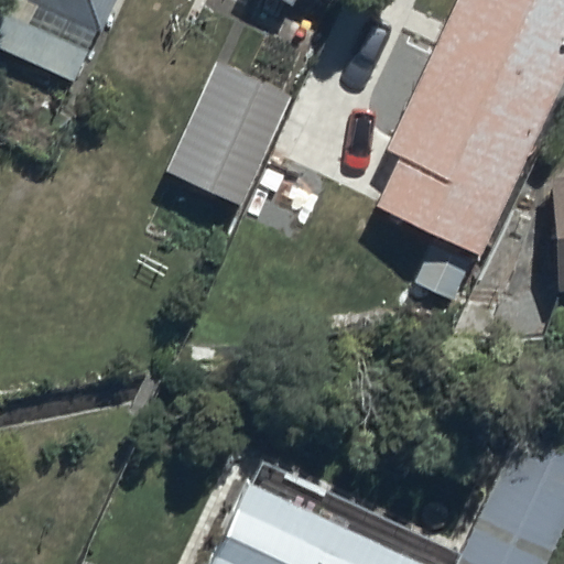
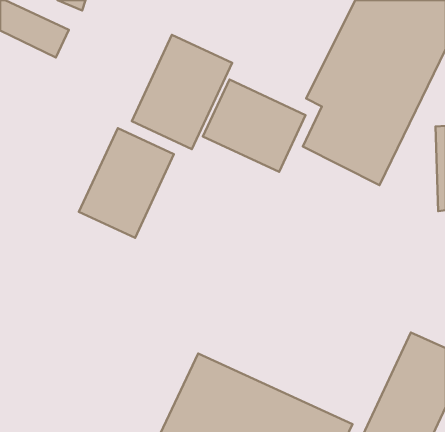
building: none -> [203,80,305,172]
building: none -> [79,128,174,238]

